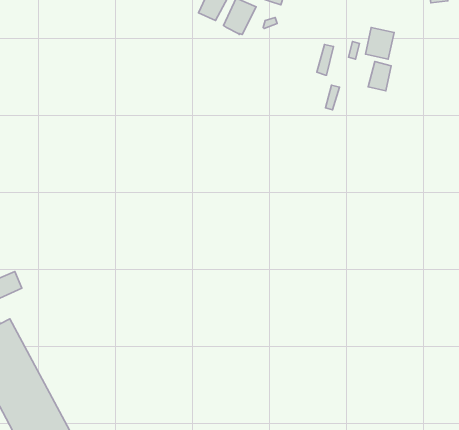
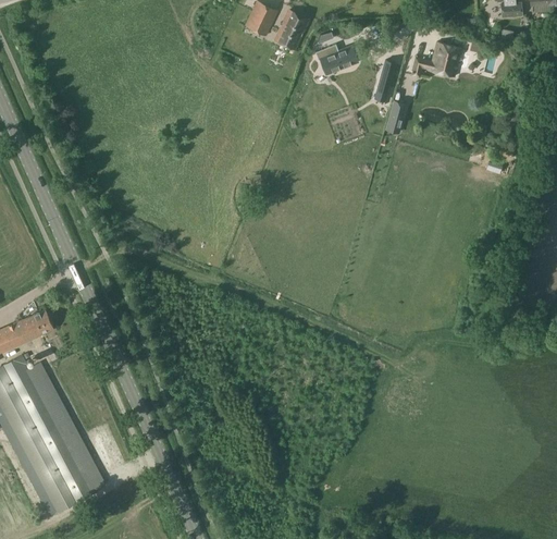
building: none -> [314,45,357,74]
building: [368,62,391,91] -> none

